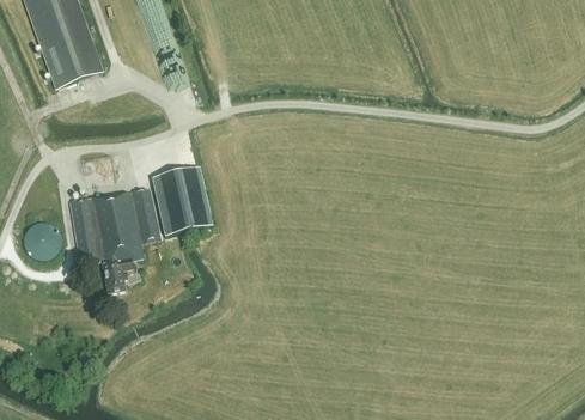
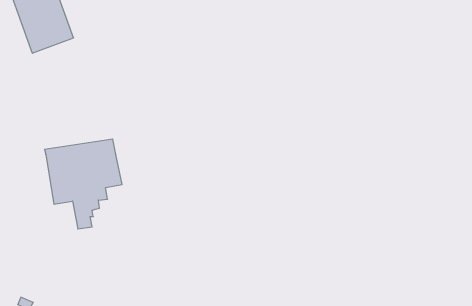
building: [151,166,211,236] -> none
building: [23,221,61,258] -> none

